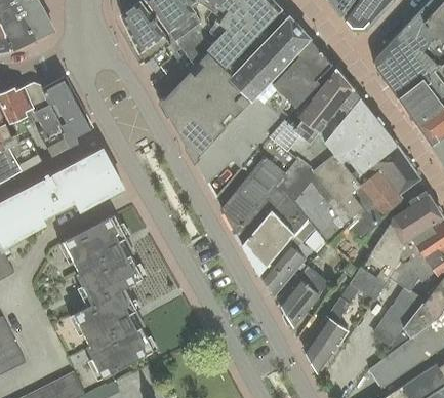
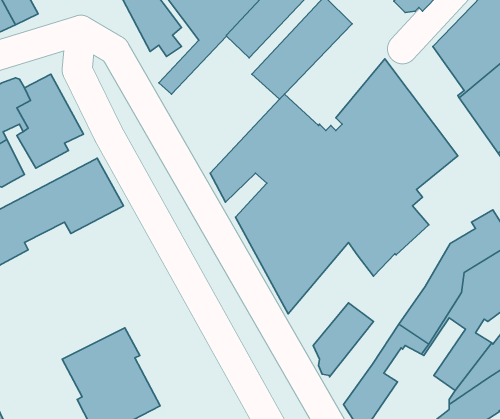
building: [255,39,332,122] -> none
building: [160,49,250,161] -> none
building: [347,147,420,241] -> none
building: [64,213,144,304] -> none
building: [258,217,316,296] -> none

